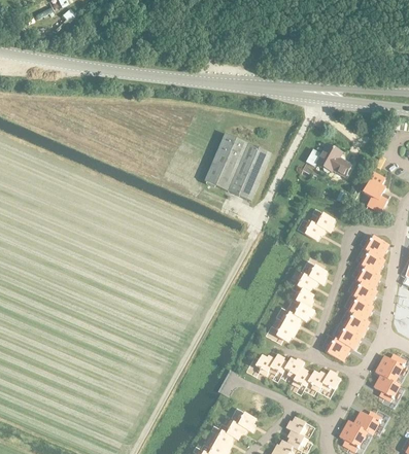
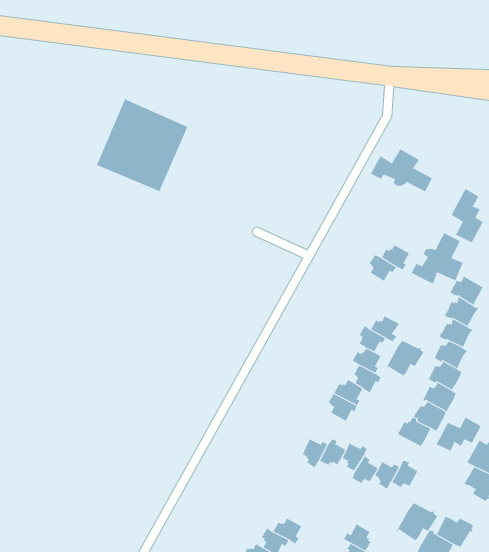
building: [204,133,271,201] -> [96,99,188,192]
building: none -> [411,232,464,284]
building: none -> [385,340,424,377]
building: none -> [436,417,482,451]
building: none -> [396,502,438,541]

